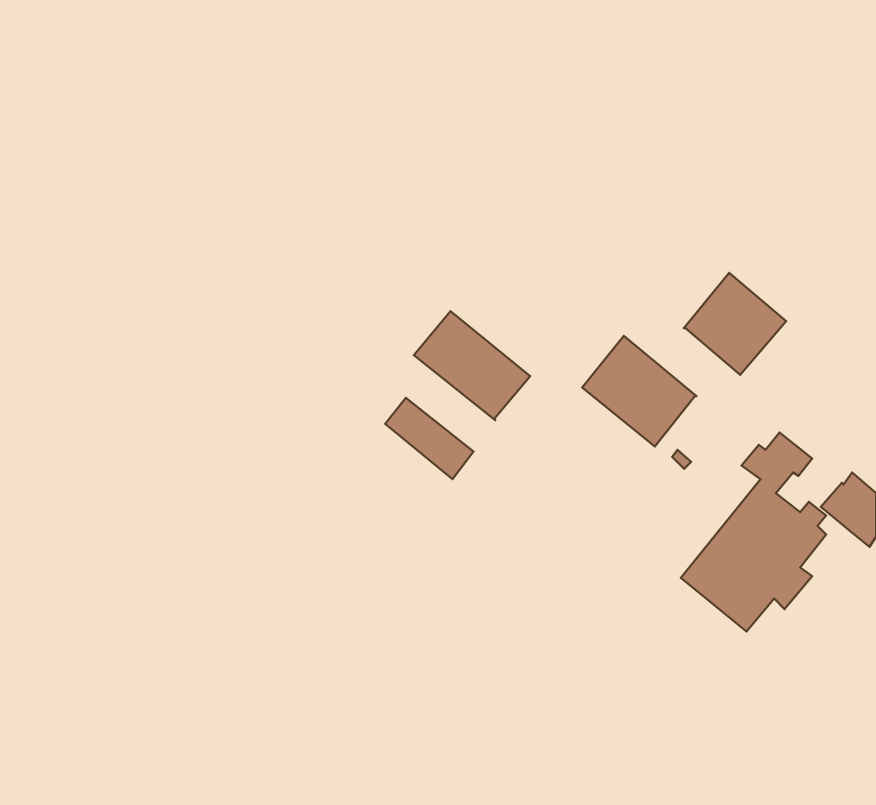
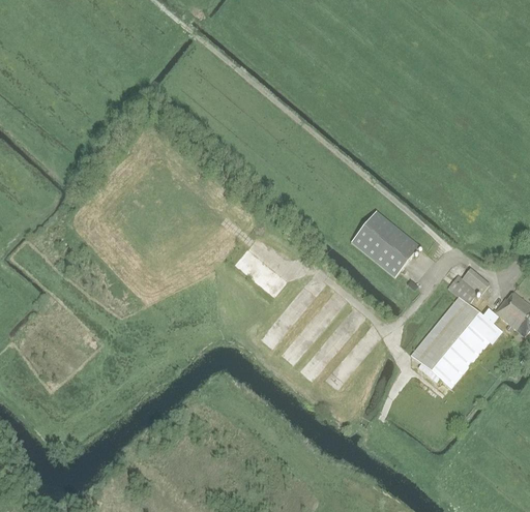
building: [684,273,786,375] -> none
building: [414,311,530,420] -> none

